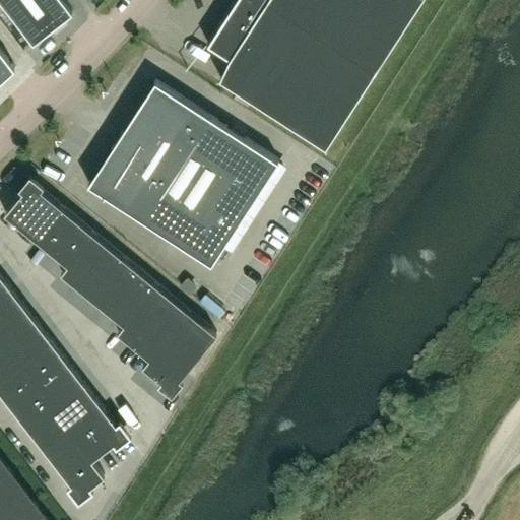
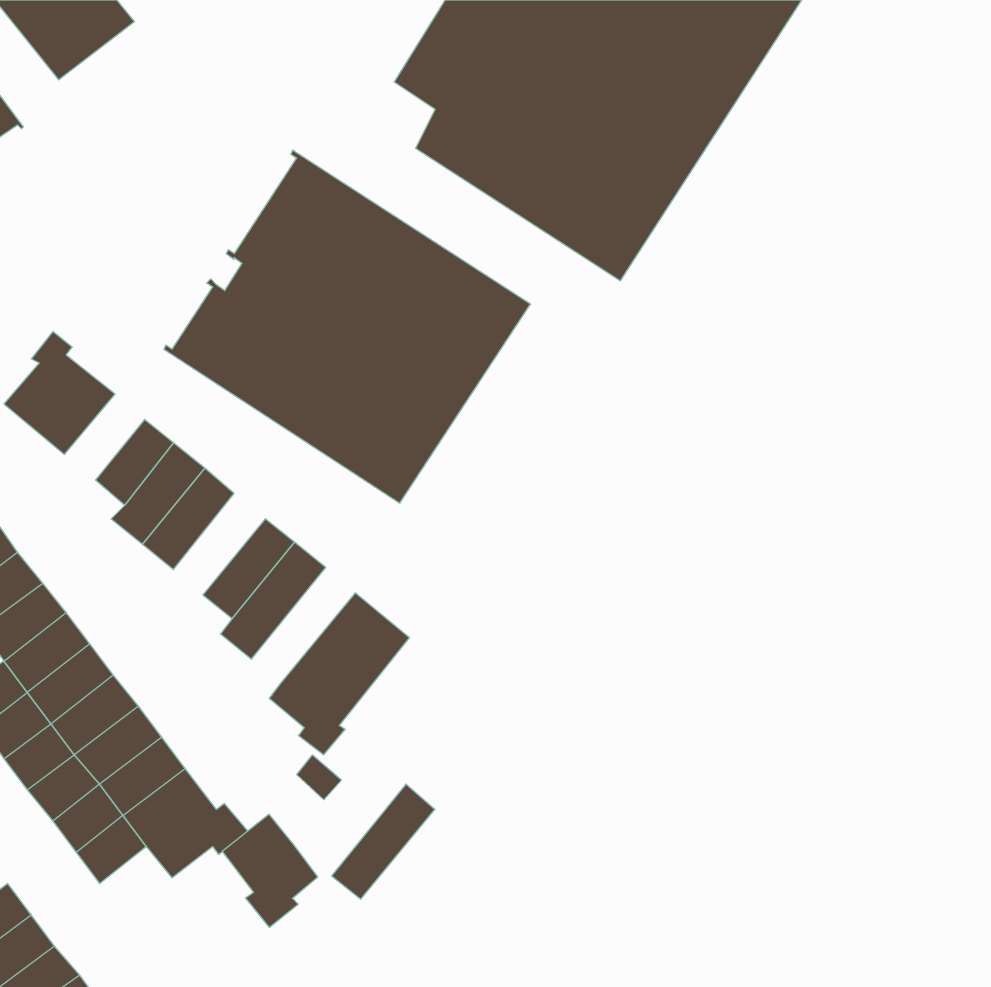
building: [34,210,75,255] -> none
building: [90,262,138,315] -> none
building: [131,301,185,361] -> [332,784,435,899]
building: [52,446,102,505] -> [222,814,318,927]

